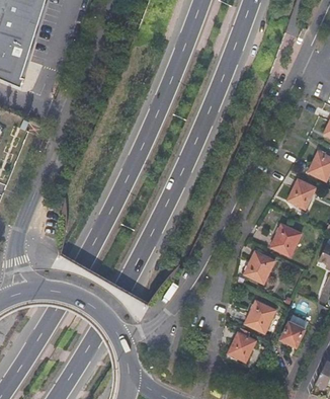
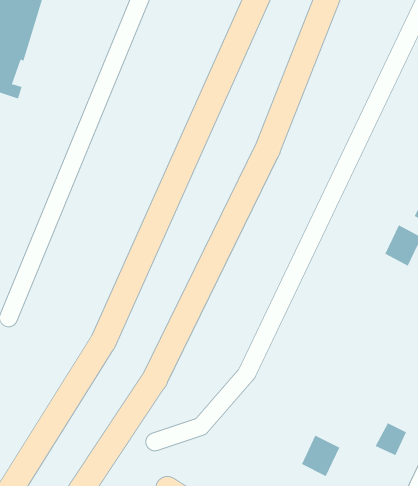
building: [270,224,302,255] -> none
building: [243,250,273,284] -> none
building: [246,301,274,332] -> none

